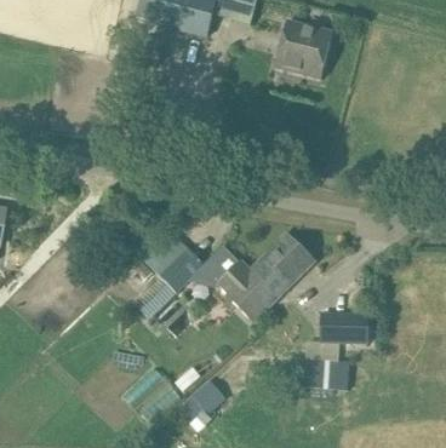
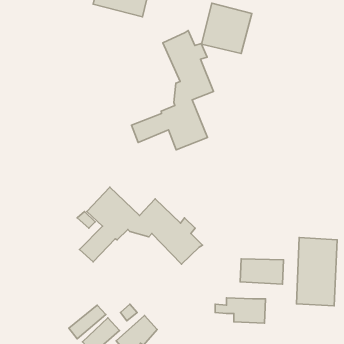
building: none -> [132,30,214,150]
building: [257,234,315,298] -> none
building: none -> [296,238,337,306]

